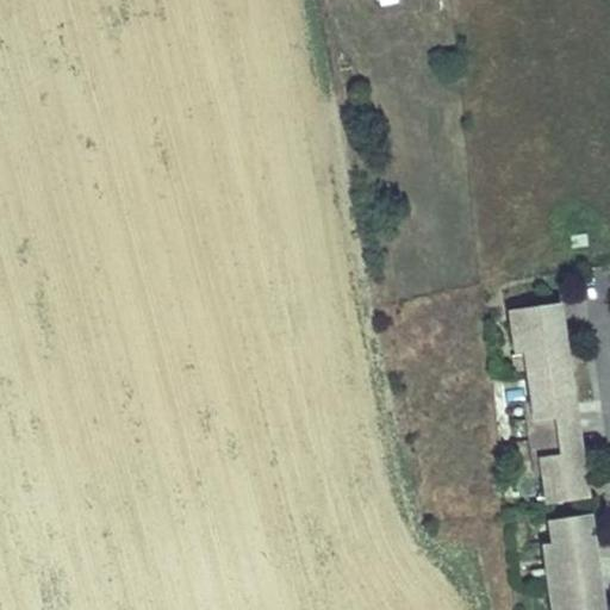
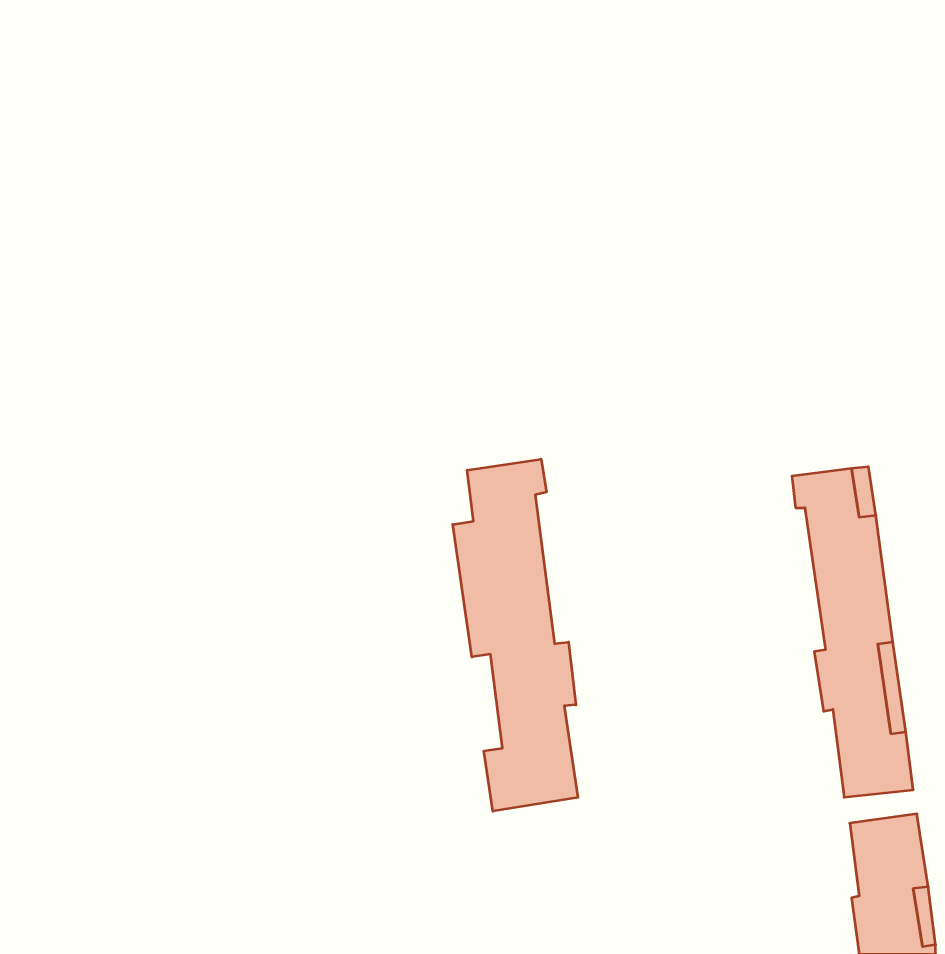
building: none -> [453,459,578,811]

